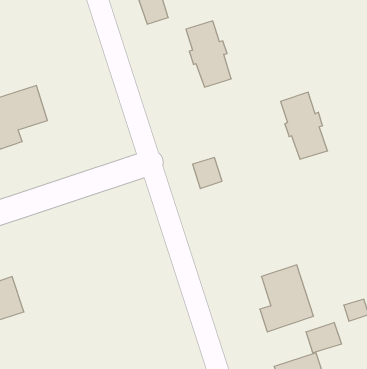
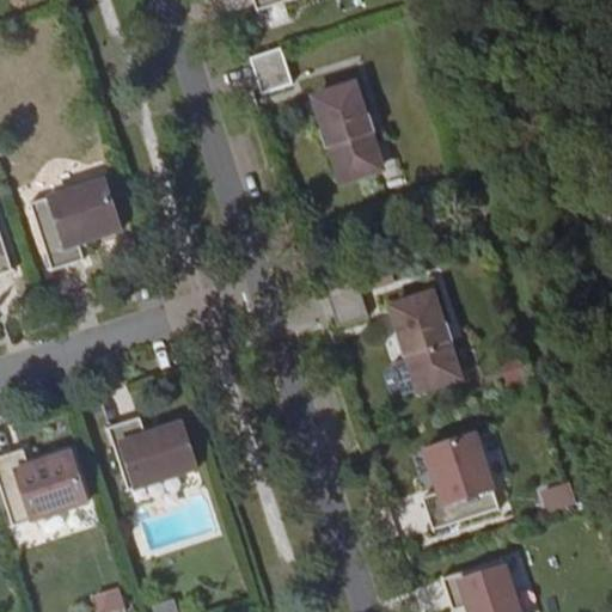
building: [281,92,328,159] -> [392,294,459,390]
building: none -> [108,416,196,490]
building: [306,322,342,353] -> none

